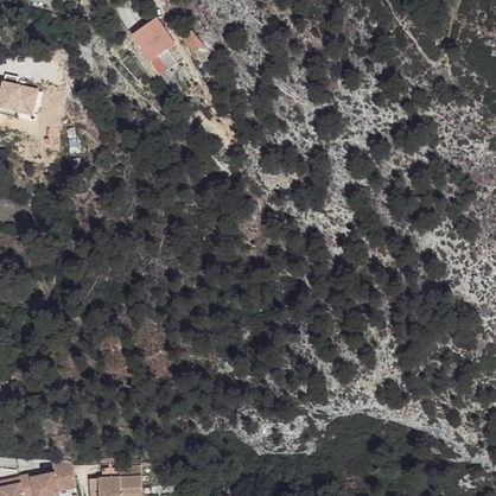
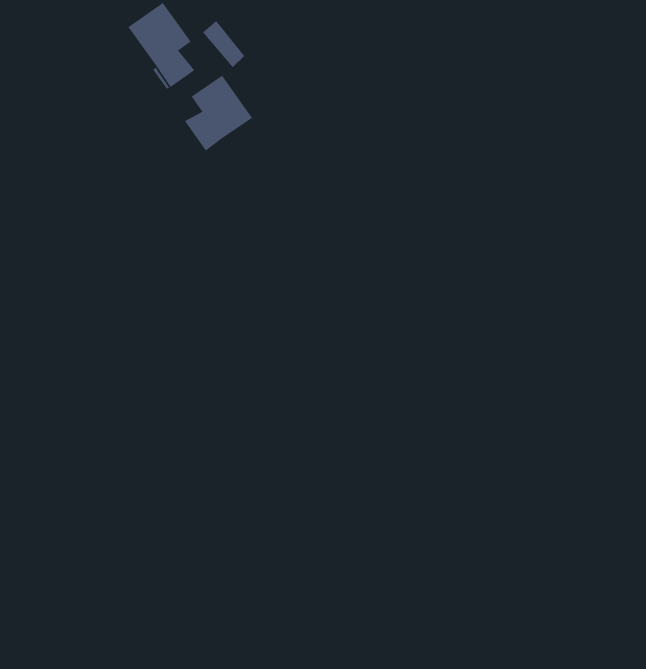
building: none -> [184,75,253,152]

